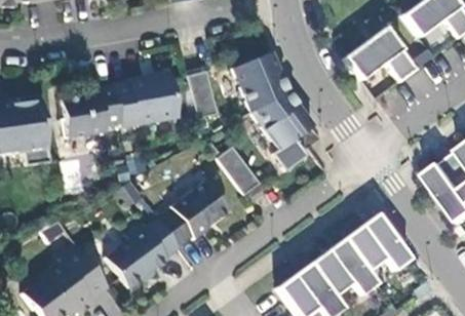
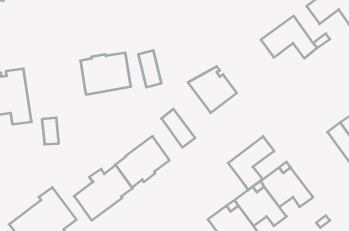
building: [233,51,288,112] -> none
building: [61,84,120,139] -> none
building: none -> [228,136,274,190]

